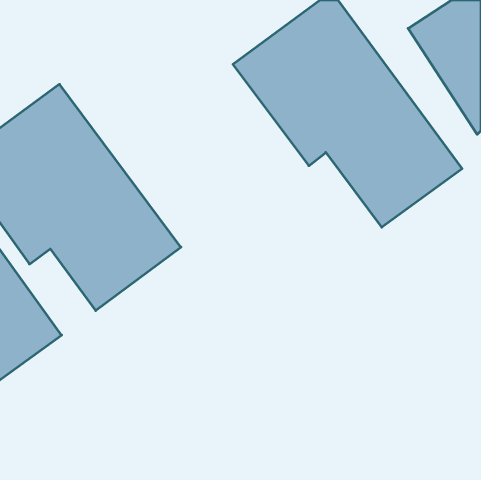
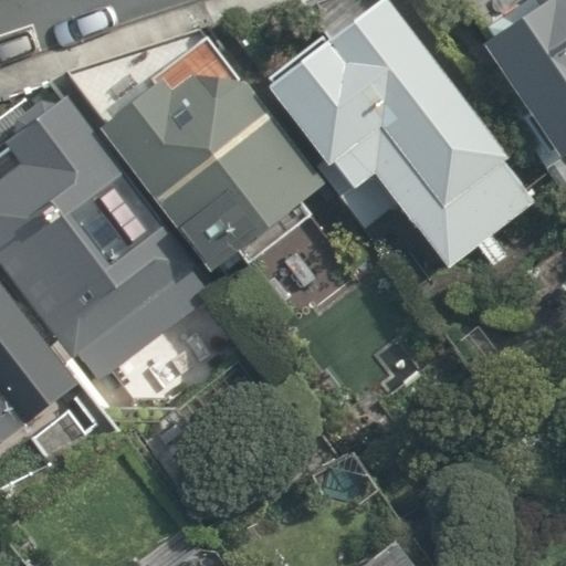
building: none -> [98,41,315,265]

